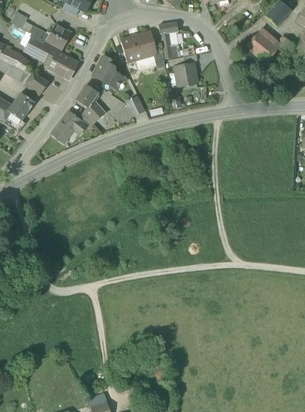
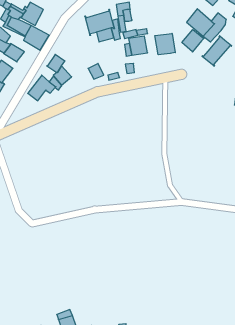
building: [93,54,121,87] -> none
building: none -> [182,30,204,52]
building: none -> [155,33,175,55]
building: none -> [202,36,232,66]

